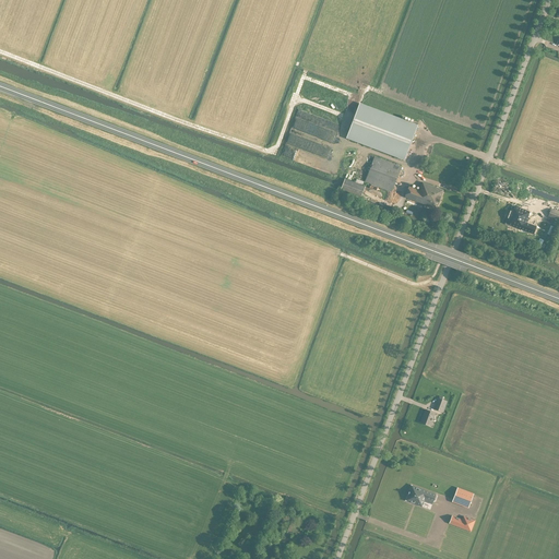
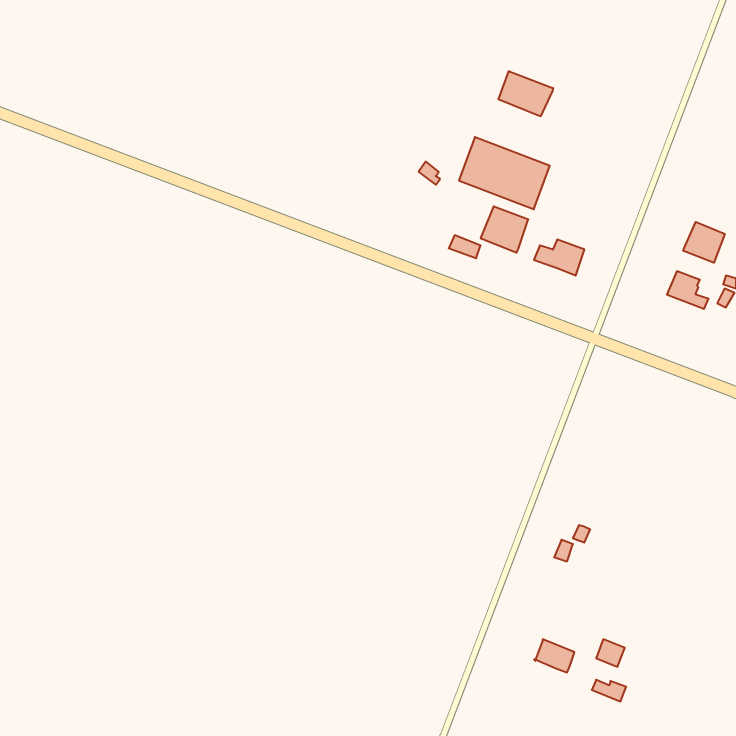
building: none -> [498,71,553,116]
building: none -> [683,222,725,263]

